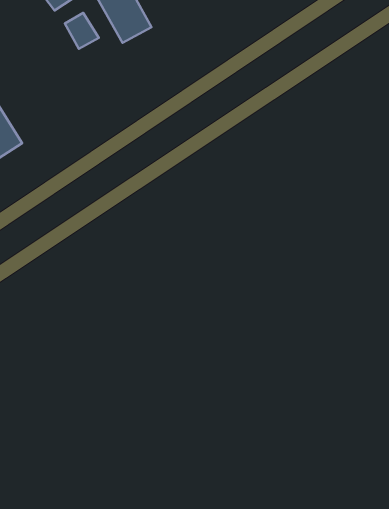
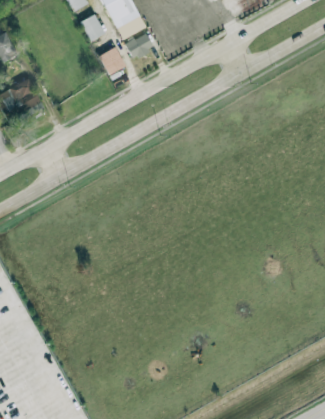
building: none -> [126,34,153,57]
building: none -> [99,46,126,74]

